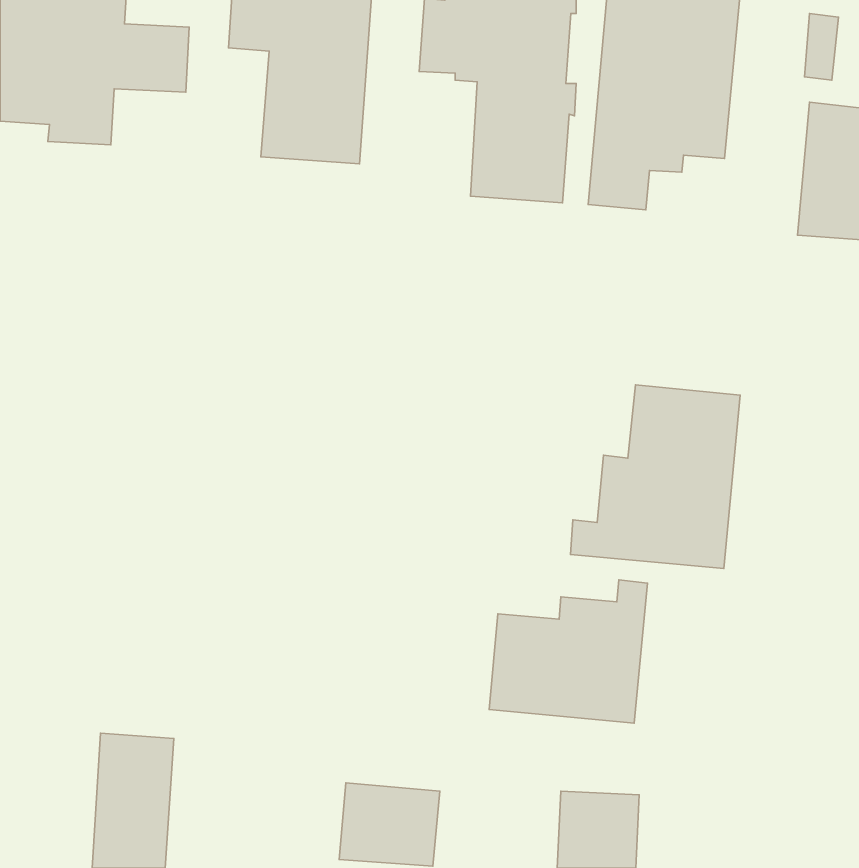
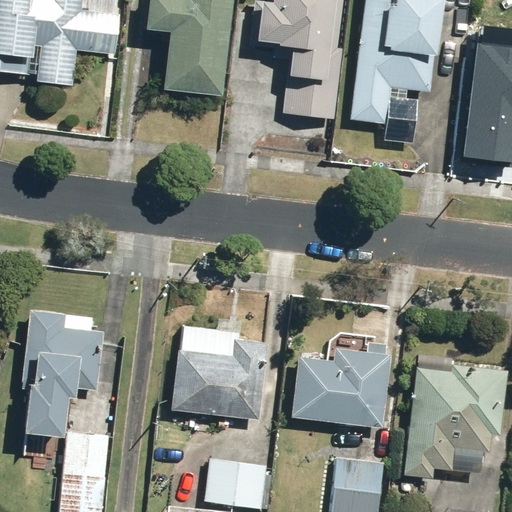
building: [570,385,740,568] -> none
building: none -> [18,310,104,438]
building: none -> [171,323,270,422]
building: none -> [404,365,507,479]

